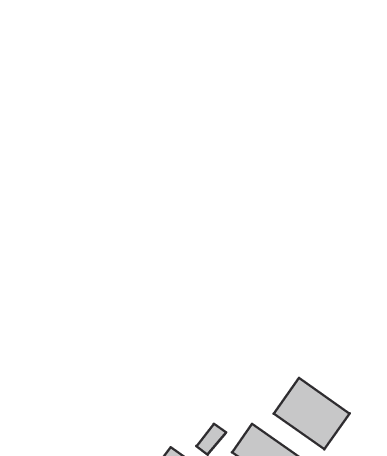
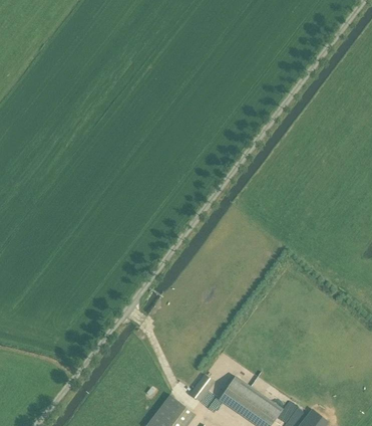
building: [274,378,350,449] -> none

